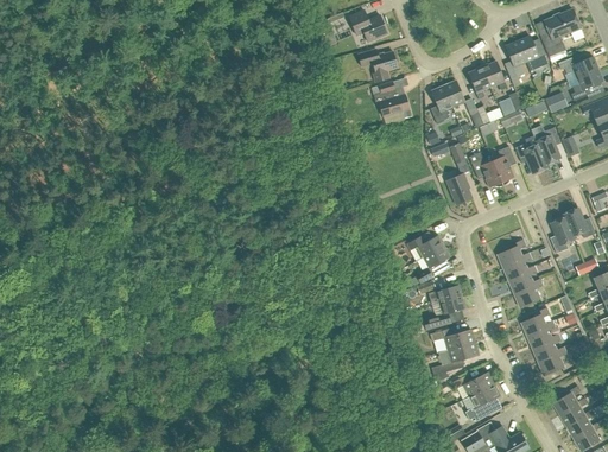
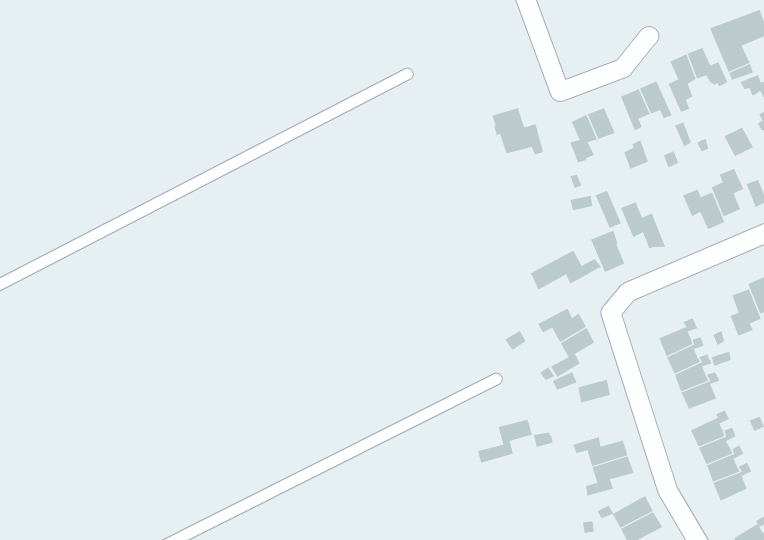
building: [348,11,387,42] -> none
building: [357,49,397,82] -> none
building: [492,146,515,186] -> none
building: none -> [530,250,602,291]
building: [423,297,464,330] -> [477,419,533,464]

